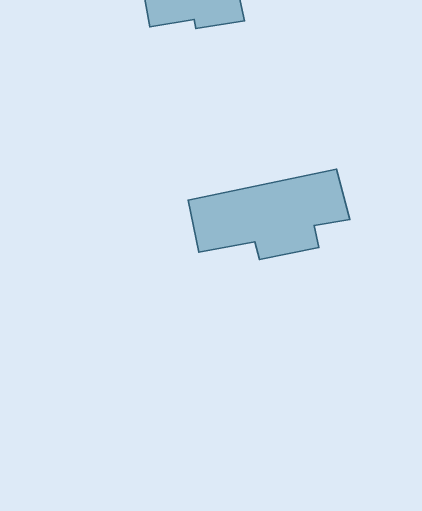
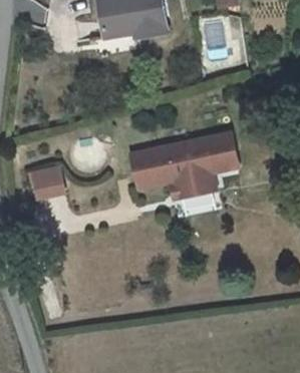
building: none -> [27,161,66,200]

